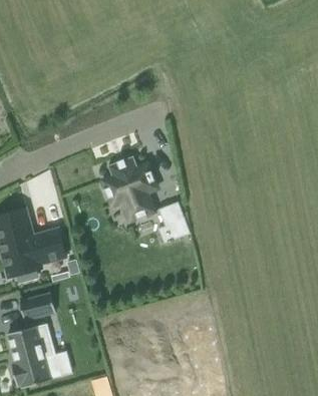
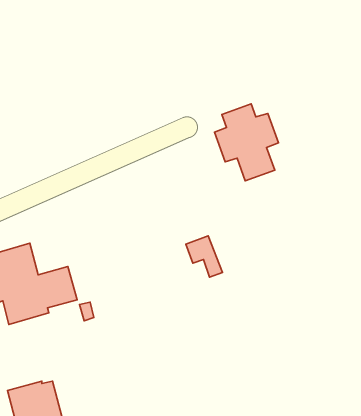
building: [103,154,157,220] -> [215,104,278,181]
building: [19,294,55,321] -> none

